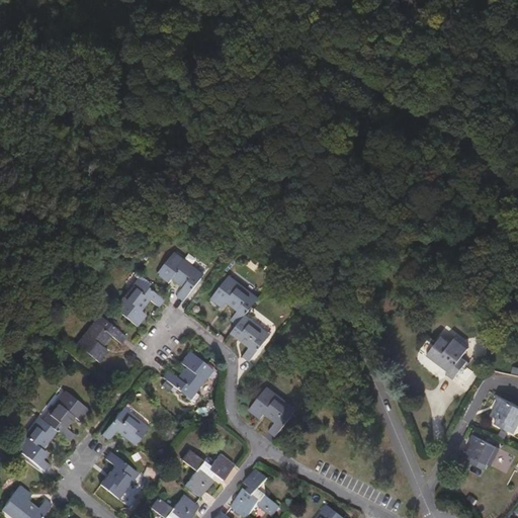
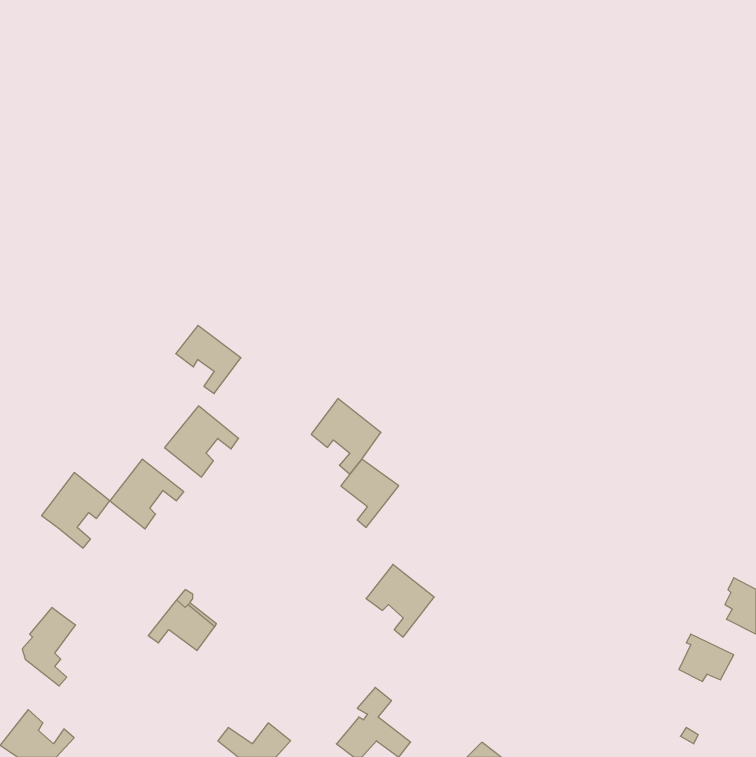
building: [158,254,202,300] -> [176,325,241,394]
building: [428,334,469,377] -> none
building: [163,350,213,399] -> none
building: [40,390,87,441] -> [42,473,110,548]
building: [180,449,233,496] -> none
building: [98,450,138,499] -> none

